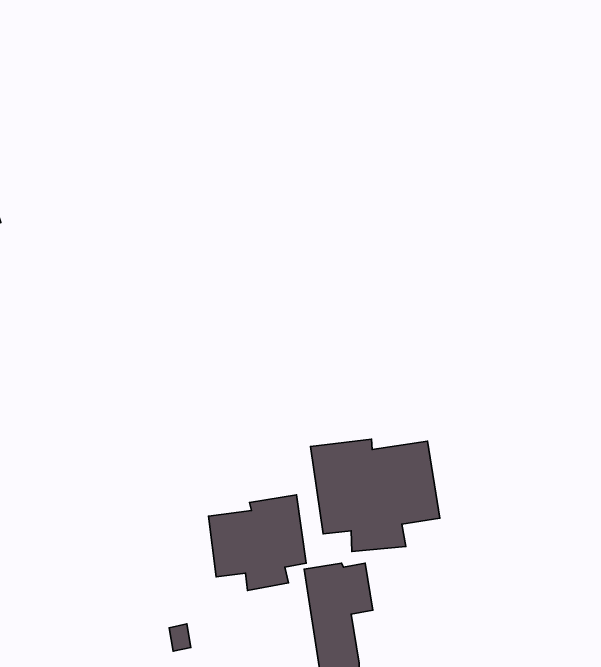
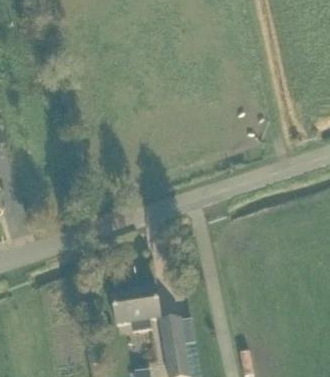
building: [311,439,440,552] -> none

